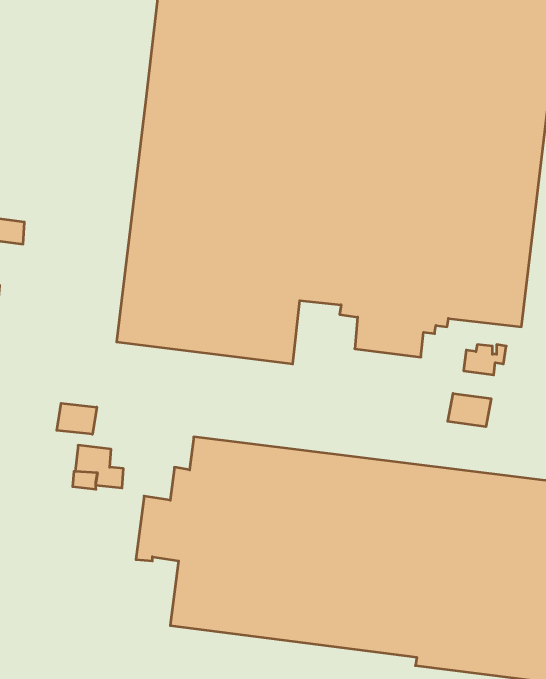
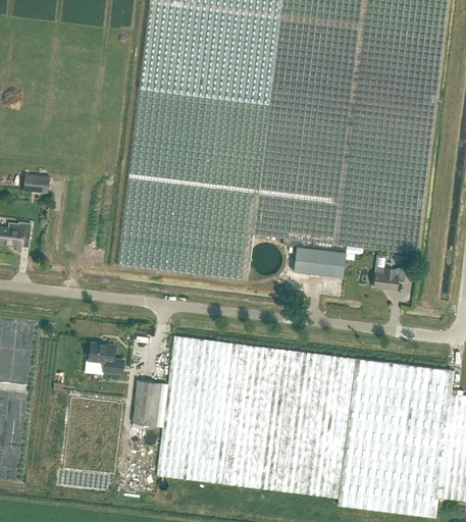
building: [448,393,491,427] -> none
building: [57,403,97,434] -> none

